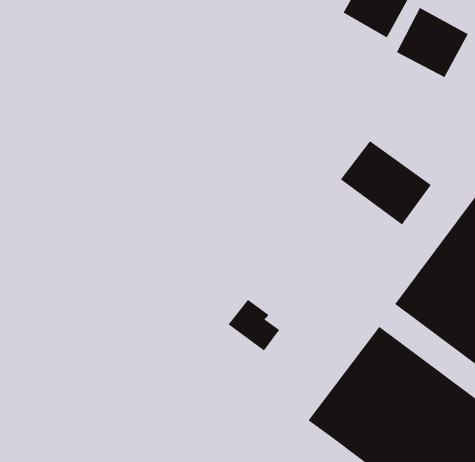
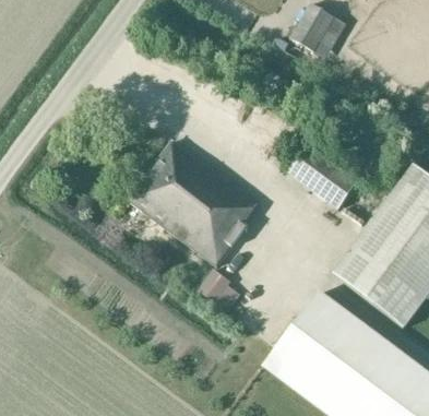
building: [396,7,469,78] -> none
building: none -> [127,139,257,266]

